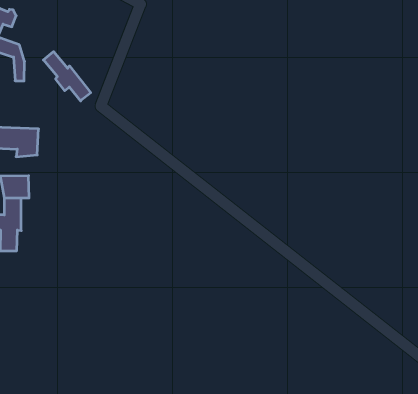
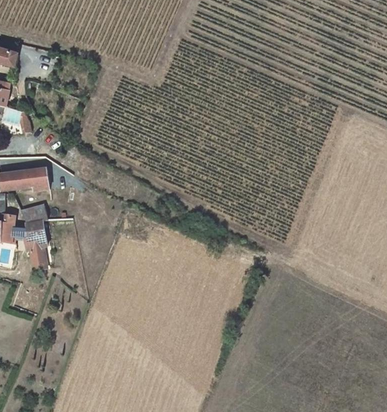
building: [43,52,91,101] -> none

